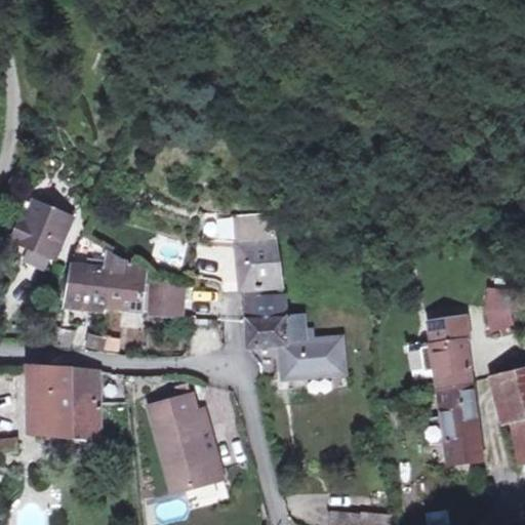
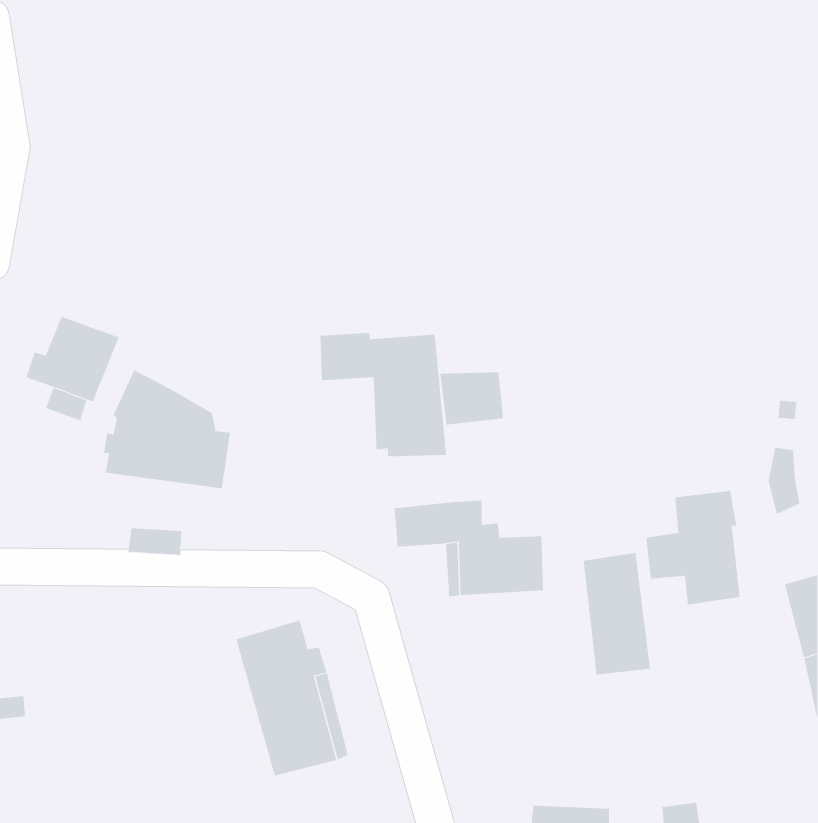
building: [148,283,181,317] -> none
building: [246,290,287,324] -> [439,372,504,425]
building: [21,370,105,443] -> none
building: [437,380,480,458] -> [583,553,651,675]

